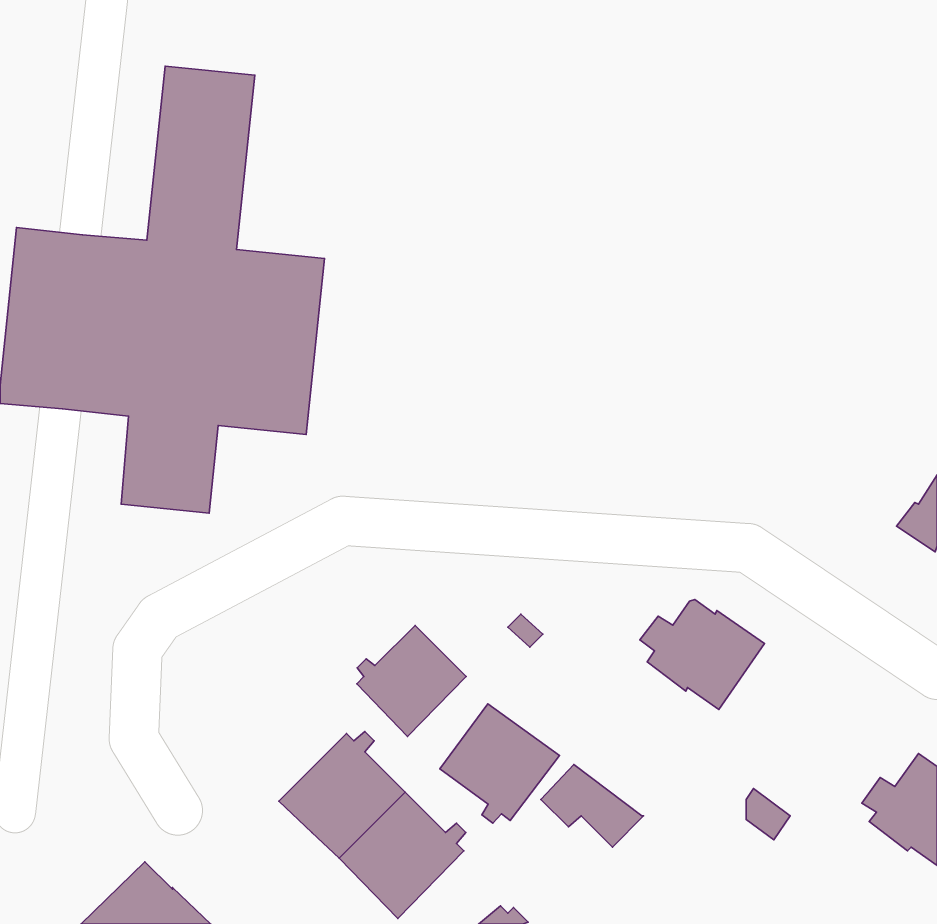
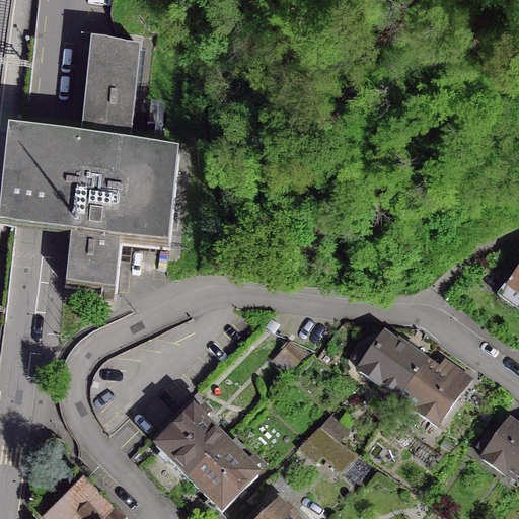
building: [357,625,466,736] -> none
building: none -> [397,356,467,422]
building: [440,704,560,823] -> none

